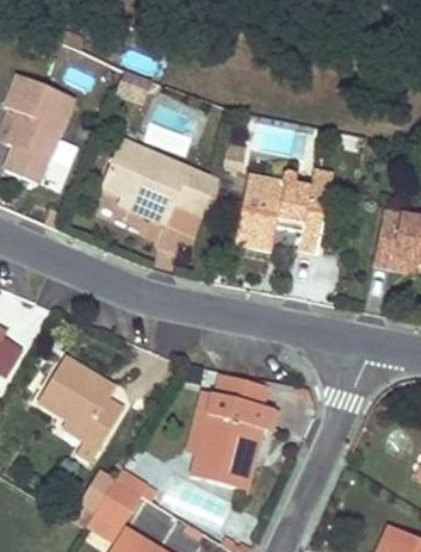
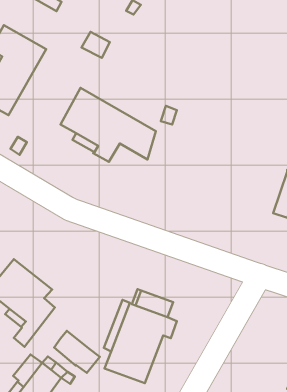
building: [235,170,334,250] -> none
building: none -> [54,331,100,373]

